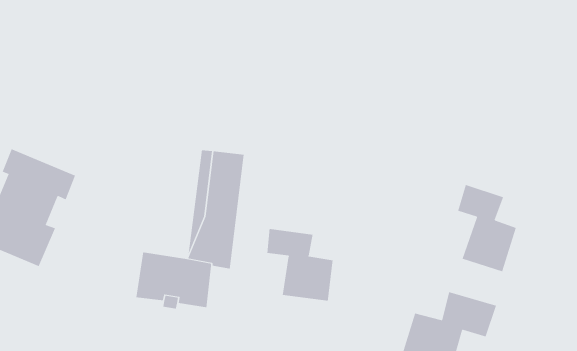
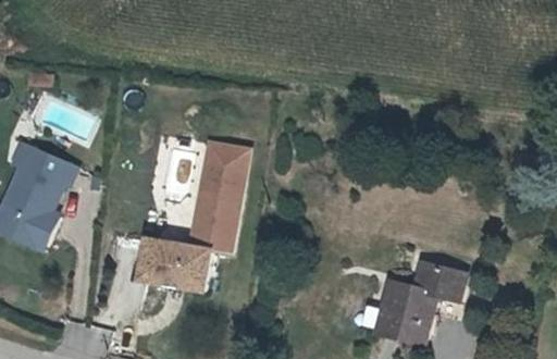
building: [458,184,516,272] -> none
building: [267,228,333,301] -> none

